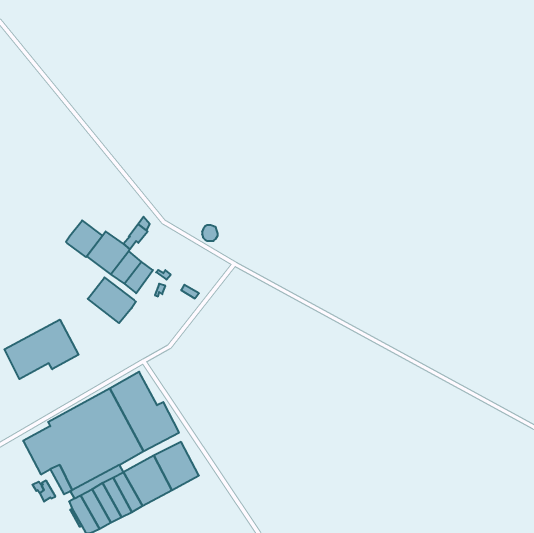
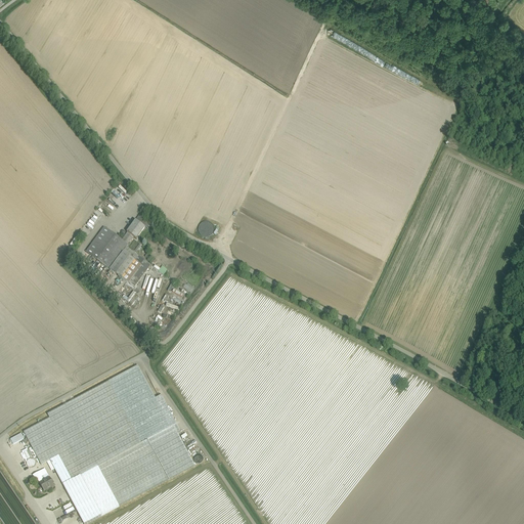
building: [66,220,102,257] -> none
building: [88,277,136,323] -> none
building: [4,320,79,379] -> none

